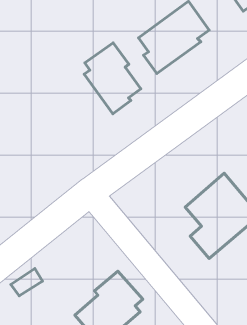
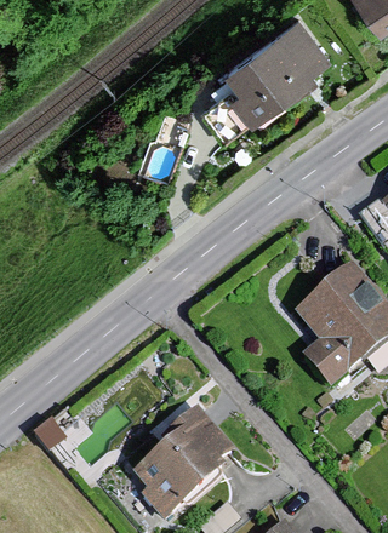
building: [84,43,141,114] -> none

